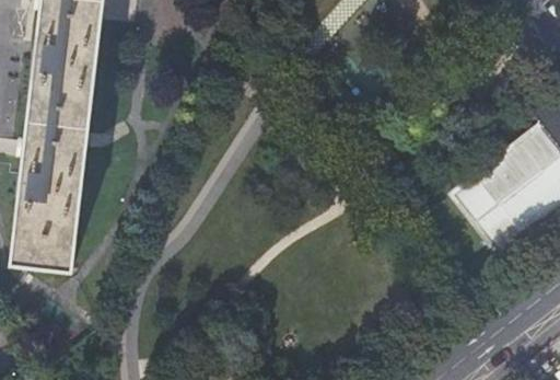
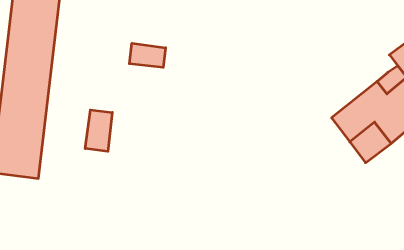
building: none -> [129,43,166,67]
building: none -> [85,110,112,151]

